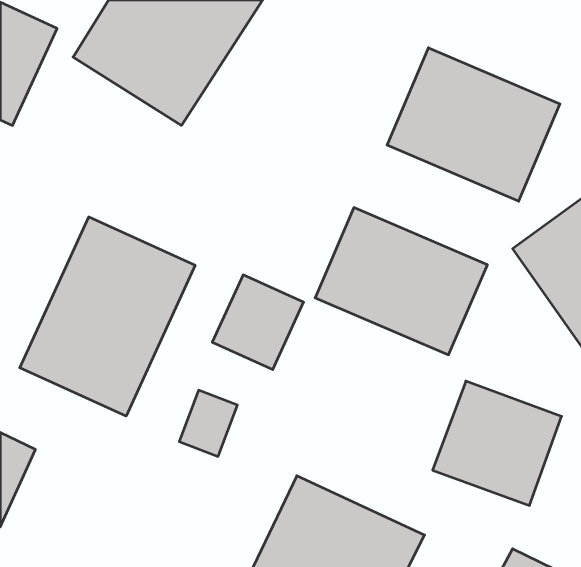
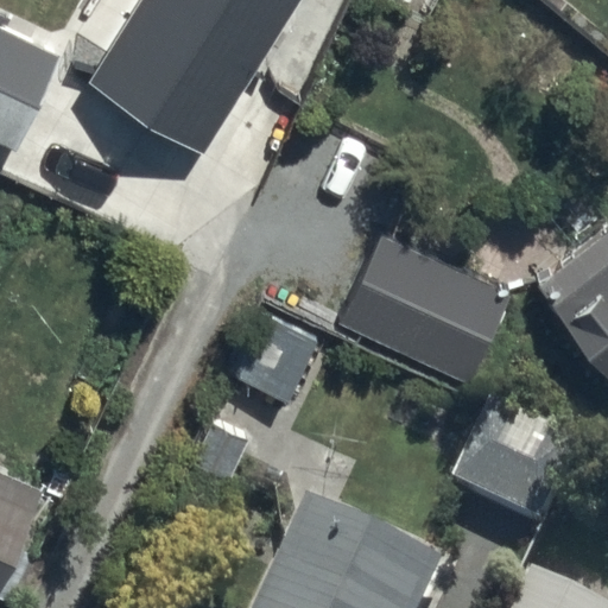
building: [387,48,560,201] -> none
building: [20,217,195,416] -> none

